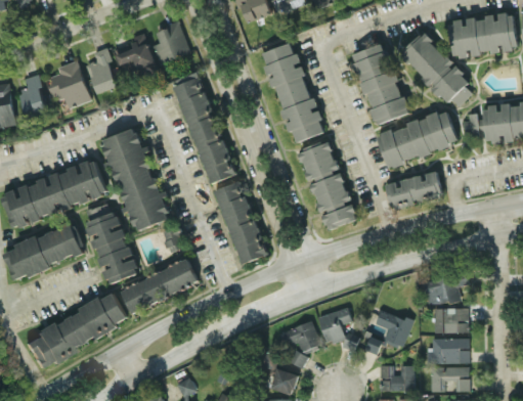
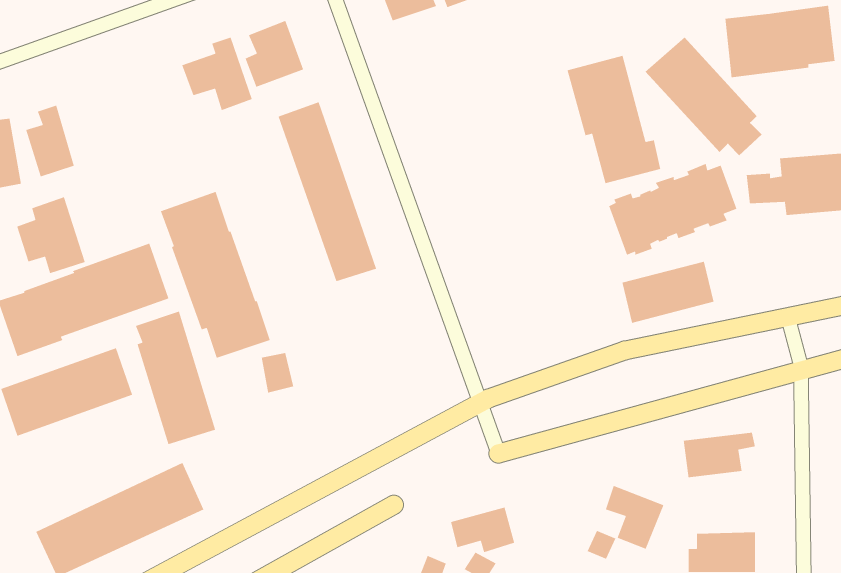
building: [262,43,323,142] -> none
building: [86,48,118,94] -> none
building: [47,60,90,108] -> [16,196,86,274]
building: [297,140,359,231] -> none
building: [215,182,267,264] -> none
building: [121,258,199,315] -> none
building: [433,308,468,333] -> none
building: [318,309,351,345] -> none

